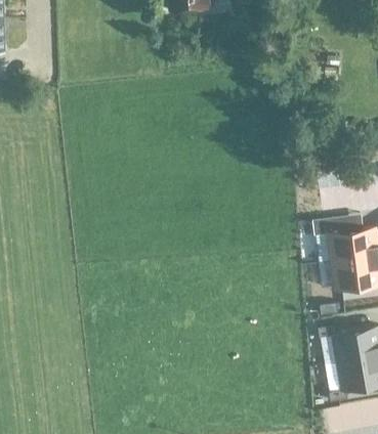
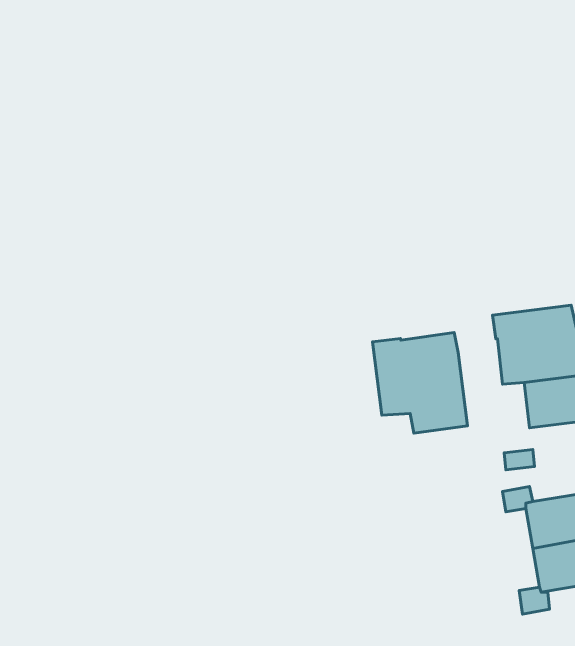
building: none -> [372,333,468,433]

